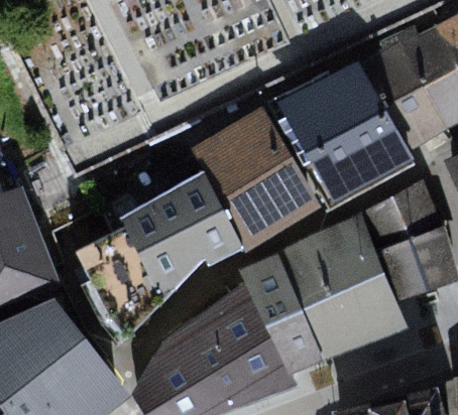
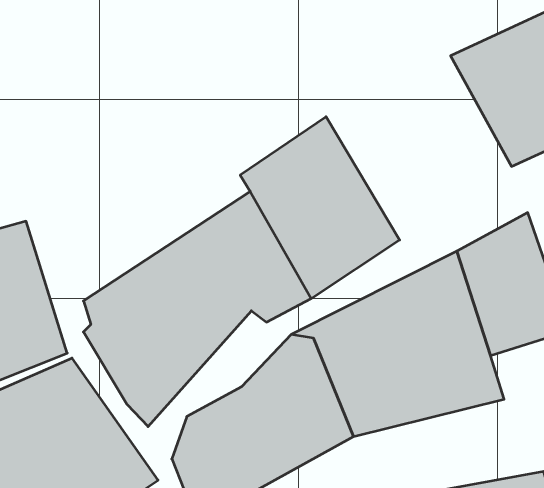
building: [266,56,423,205] -> none

